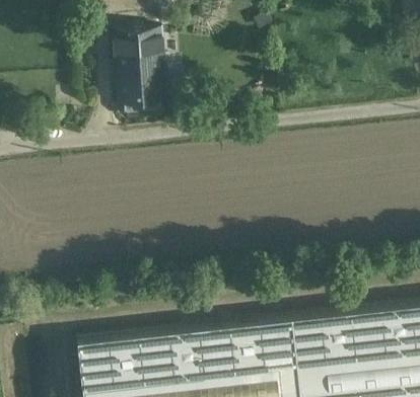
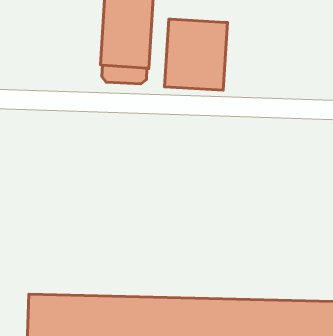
building: none -> [164,19,227,90]

